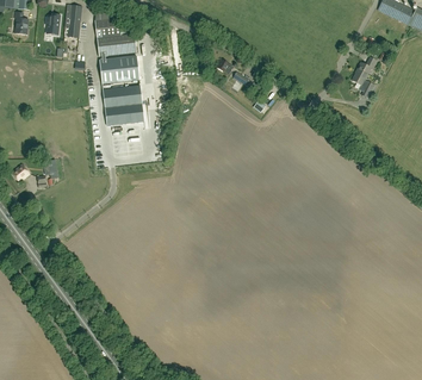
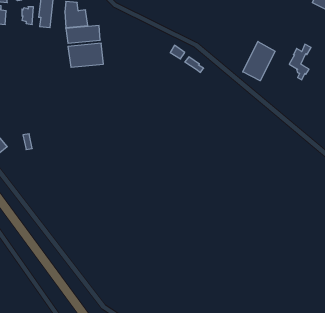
building: none -> [243,41,275,81]
building: [103,86,144,126] -> none

